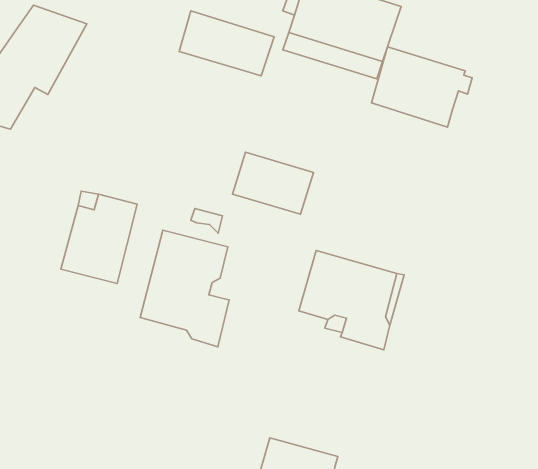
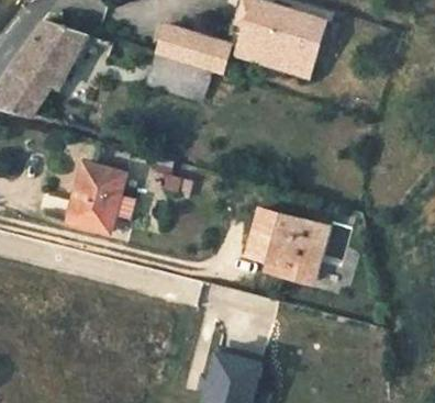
building: [371,47,472,127] -> none
building: [233,152,313,214] -> [147,56,209,103]
building: [140,230,229,347] -> none

